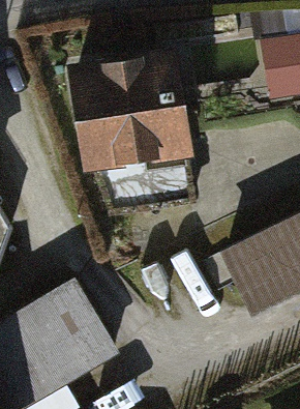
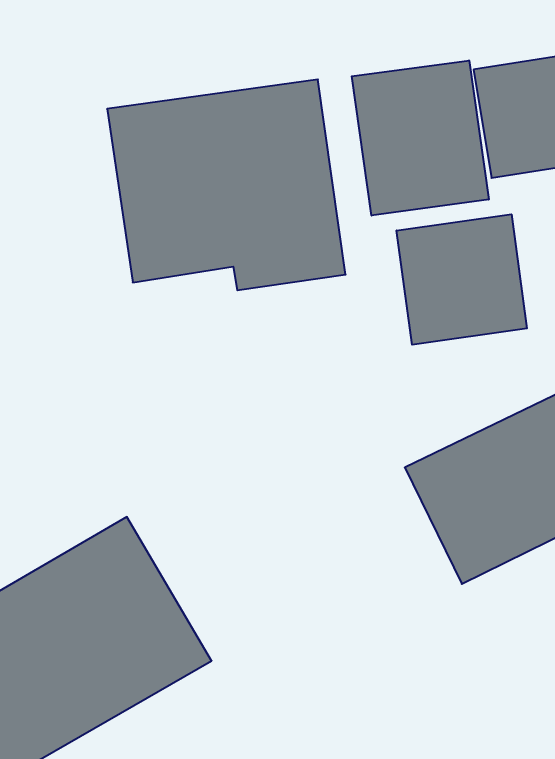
building: none -> [352,60,489,216]
building: none -> [397,214,527,345]

